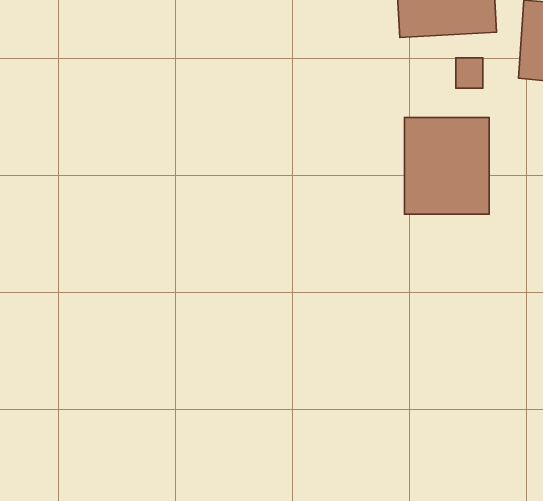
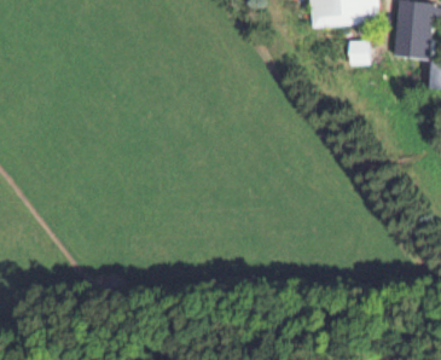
building: [405,117,489,214] -> none

